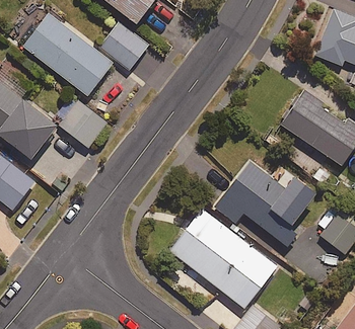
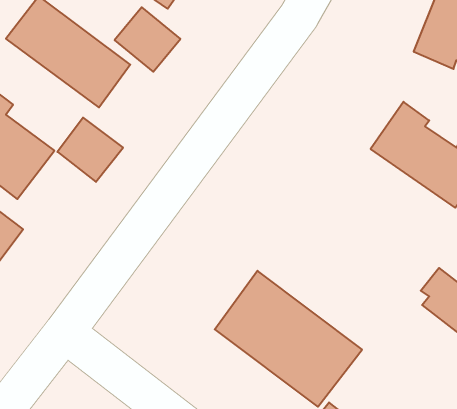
building: [214,160,317,245] -> none

